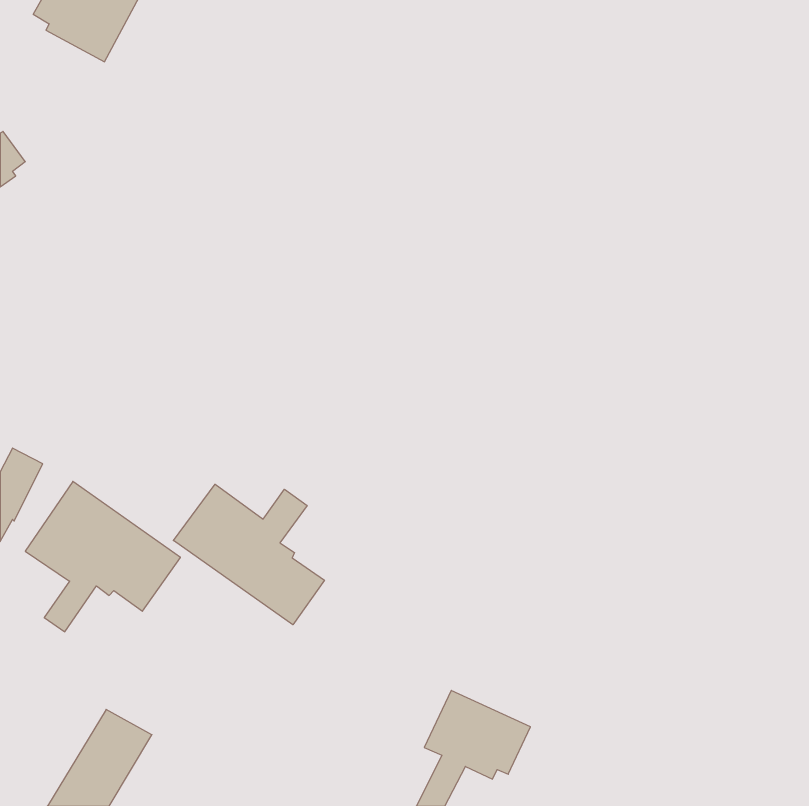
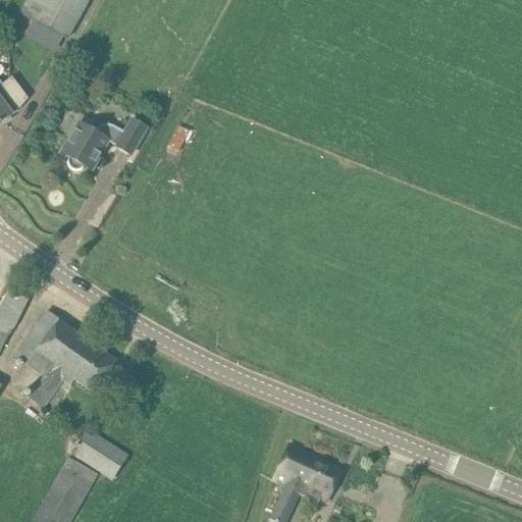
building: none -> [61,117,146,168]
building: [173,484,324,625] -> none
building: none -> [70,429,127,479]

